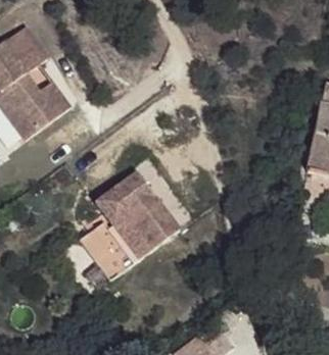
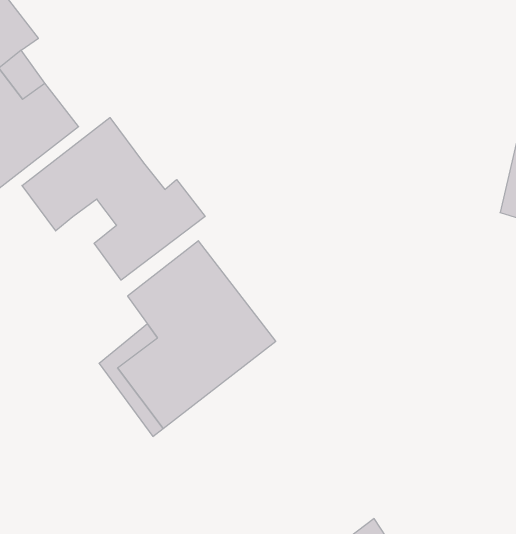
building: none -> [22,118,205,280]

